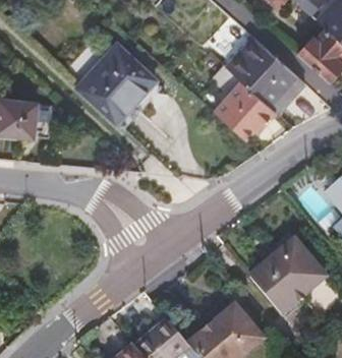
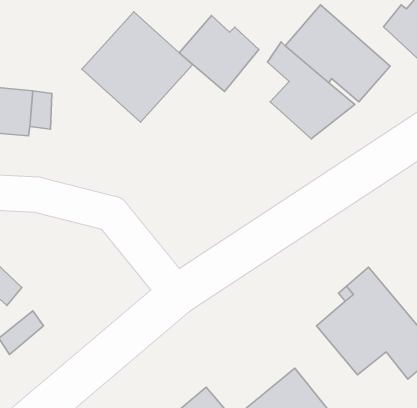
building: none -> [179,16,259,91]

